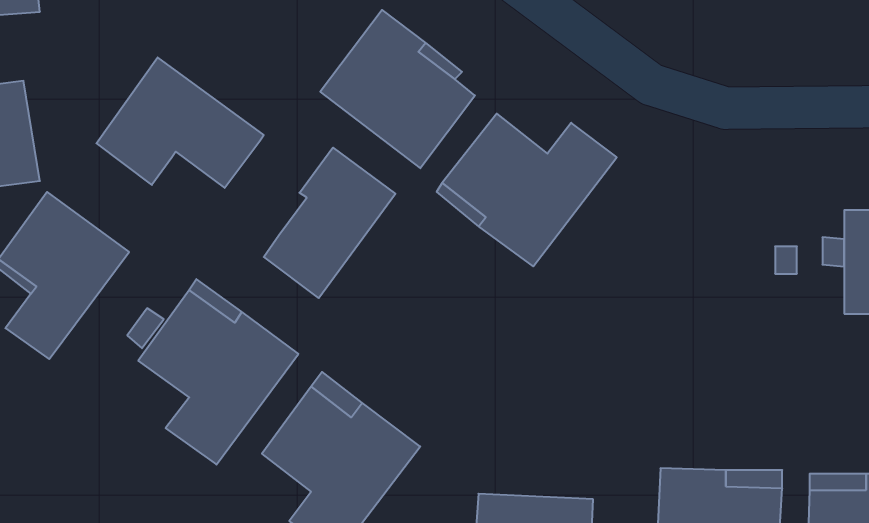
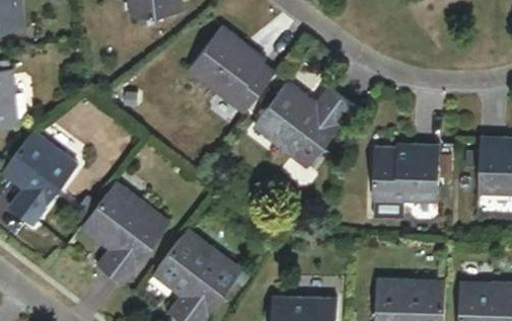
building: [96,57,264,188] -> none
building: [264,148,395,298] -> none
building: none -> [371,146,438,206]

